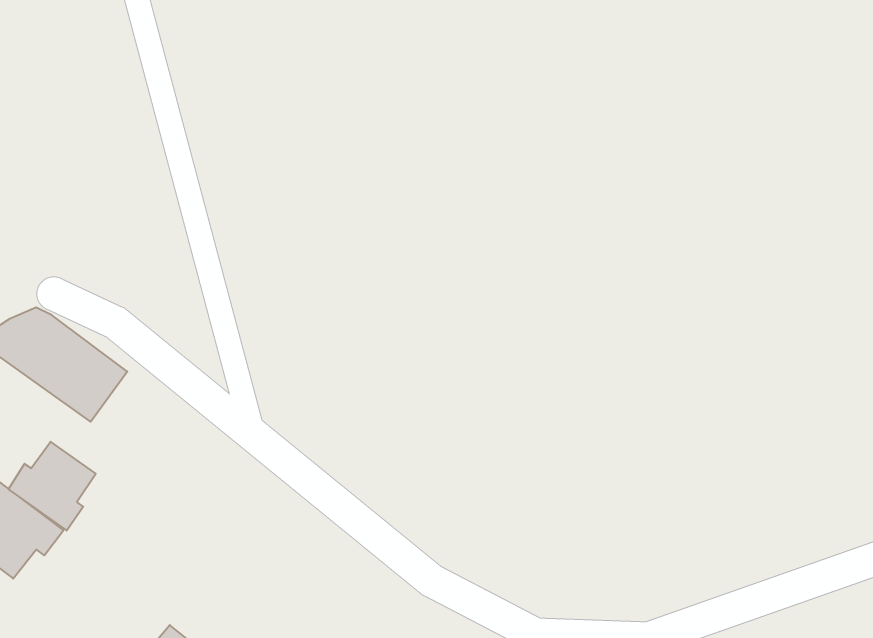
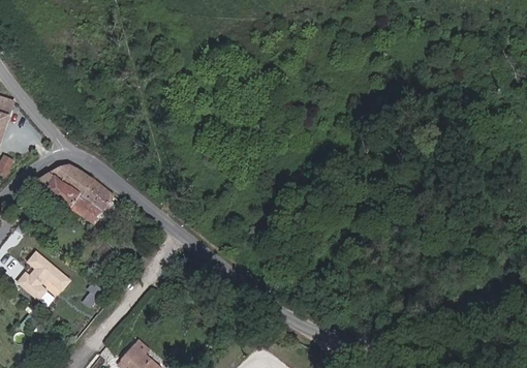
building: [9,442,96,531] -> none

